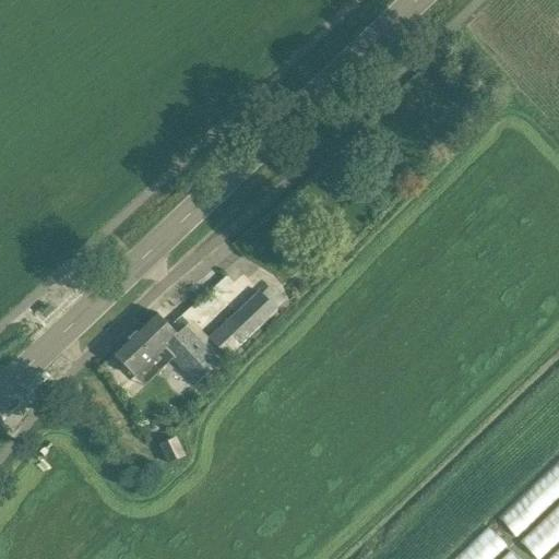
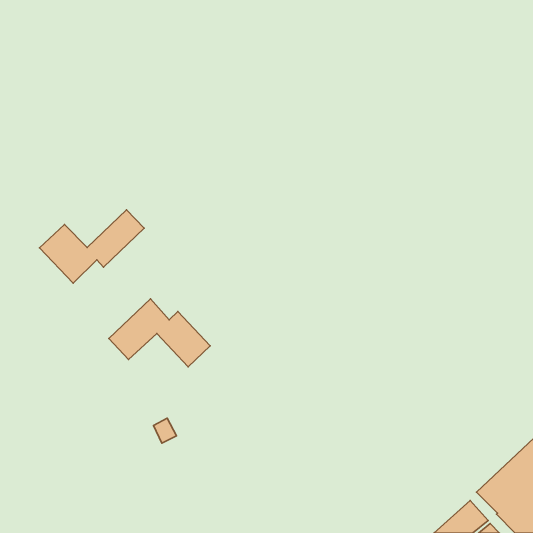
building: none -> [39,210,144,283]
building: [211,290,278,357] -> none

